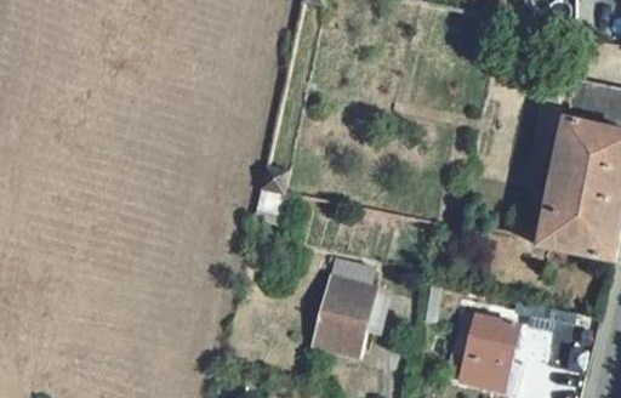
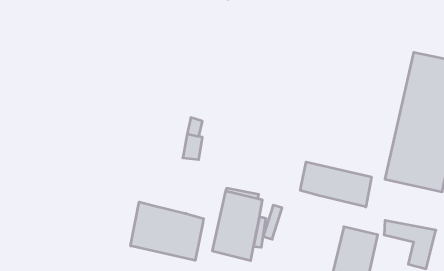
building: none -> [300,162,371,207]
building: none -> [131,202,204,260]

